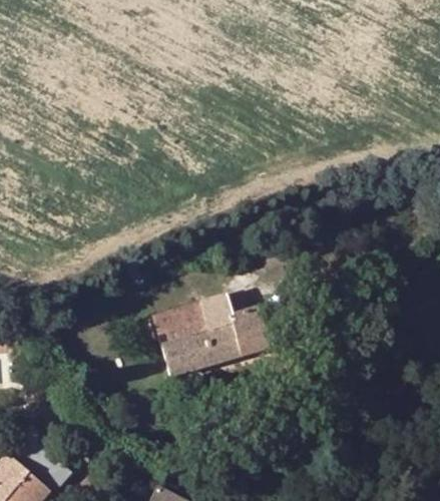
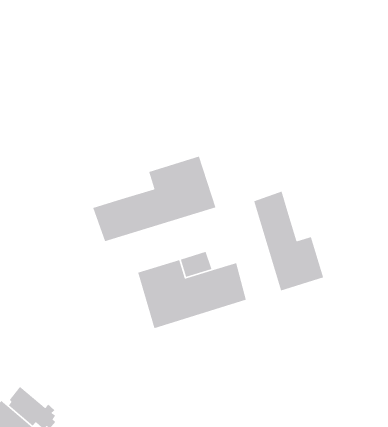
building: none -> [92,155,216,242]
building: none -> [253,191,324,292]

